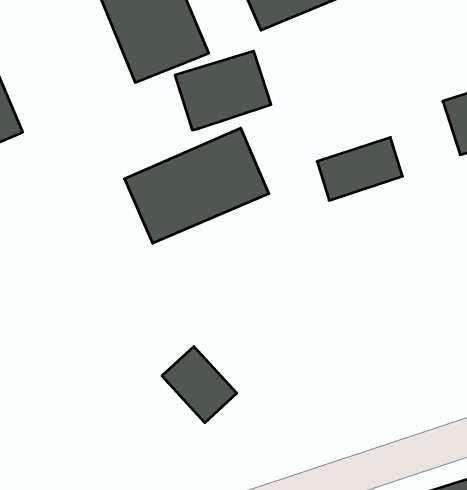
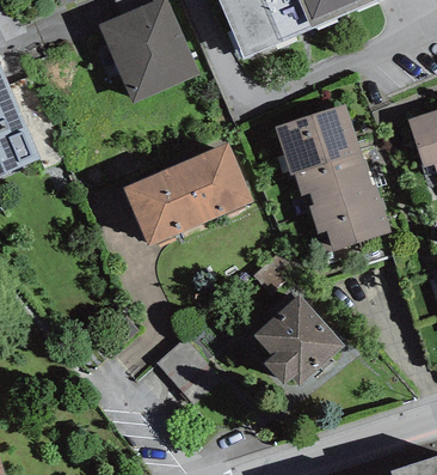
building: [175,51,271,130] -> [273,104,359,175]
building: none -> [308,184,390,251]
building: none -> [253,294,344,392]

